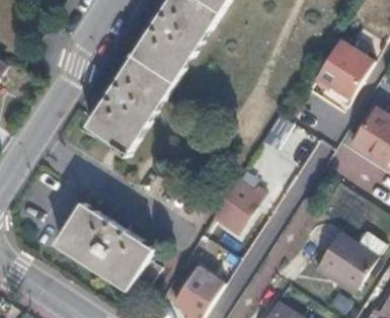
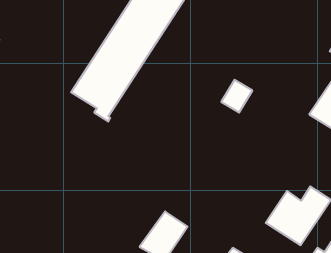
building: [308,32,371,97] -> none
building: [212,180,265,233] -> none
building: [55,202,159,288] -> none

